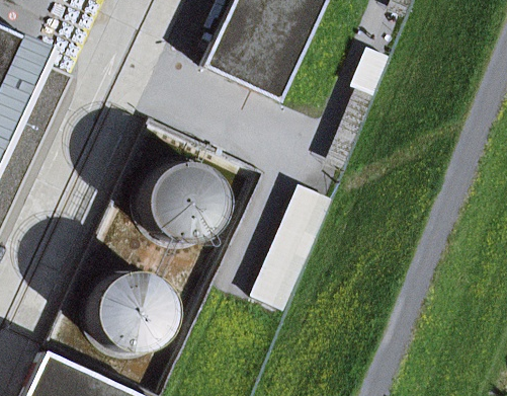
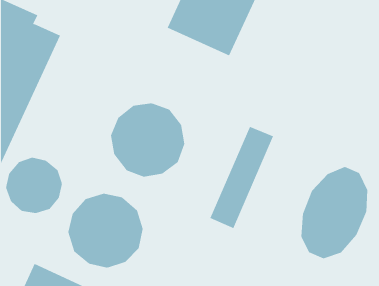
building: none -> [6,157,62,214]
building: none -> [301,166,368,259]

